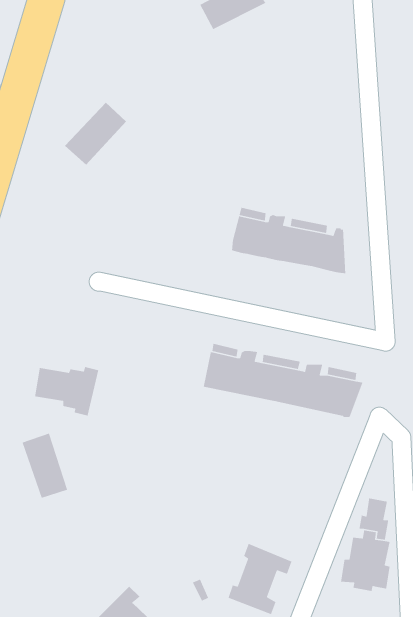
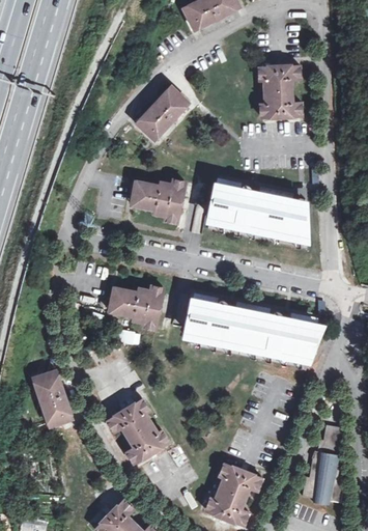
building: none -> [258,67,301,118]
building: [64,102,127,166] -> [135,87,188,141]
building: none -> [129,181,183,223]
building: [34,366,99,416] -> [108,287,163,330]
building: none -> [107,400,167,464]

